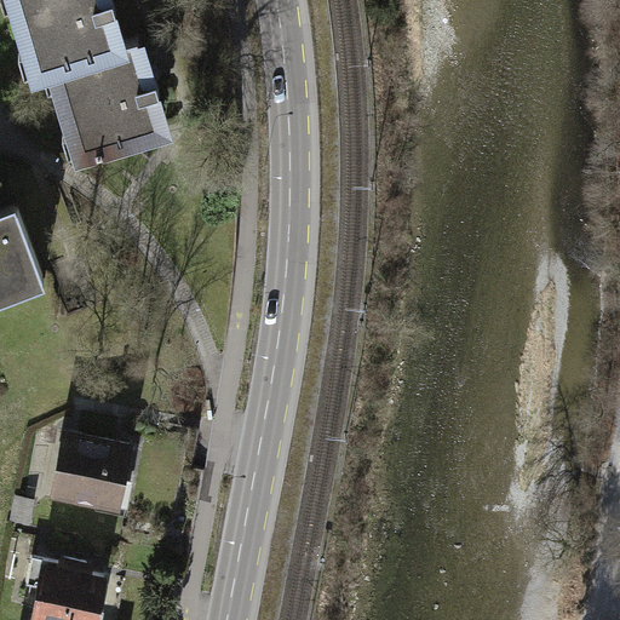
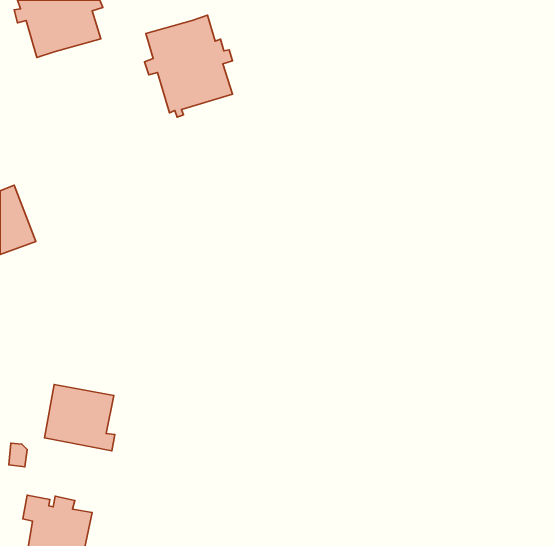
building: [59,46,157,160] -> [145,15,232,117]

